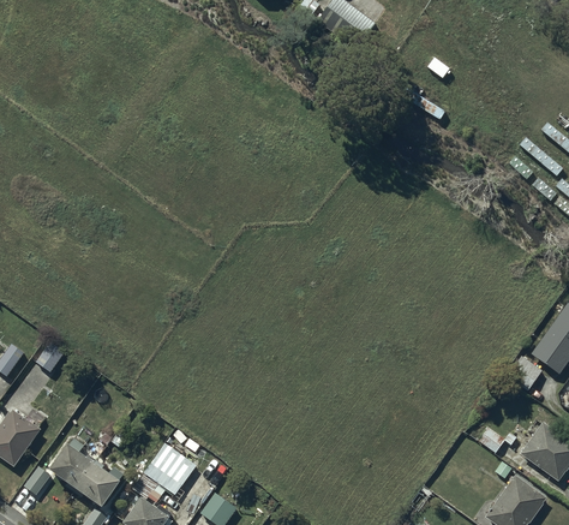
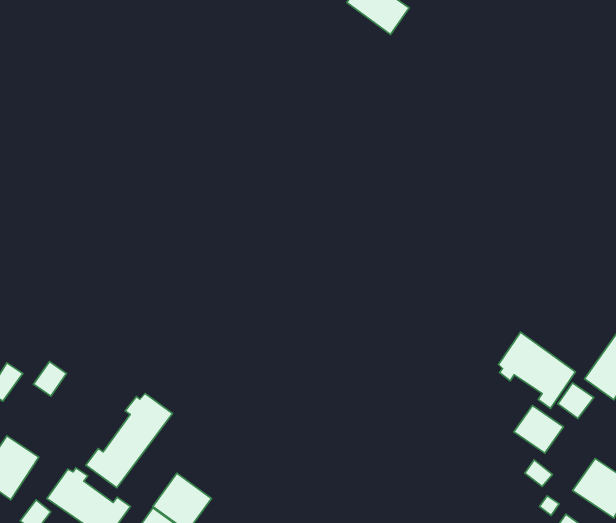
building: none -> [499,332,575,408]
building: none -> [86,394,173,488]
building: none -> [514,405,563,453]

